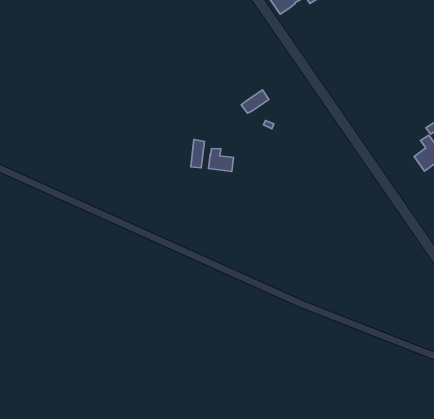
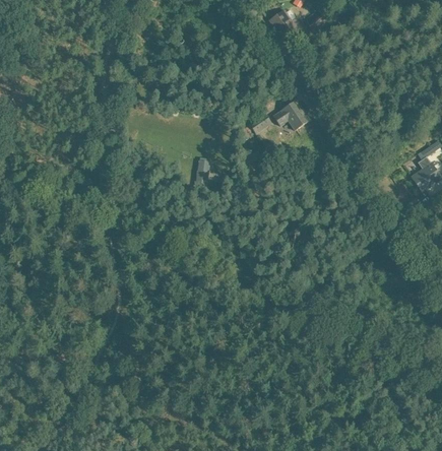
building: none -> [272,100,309,129]
building: [208,148,233,172] -> none

